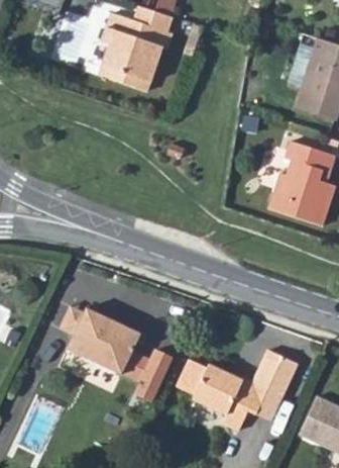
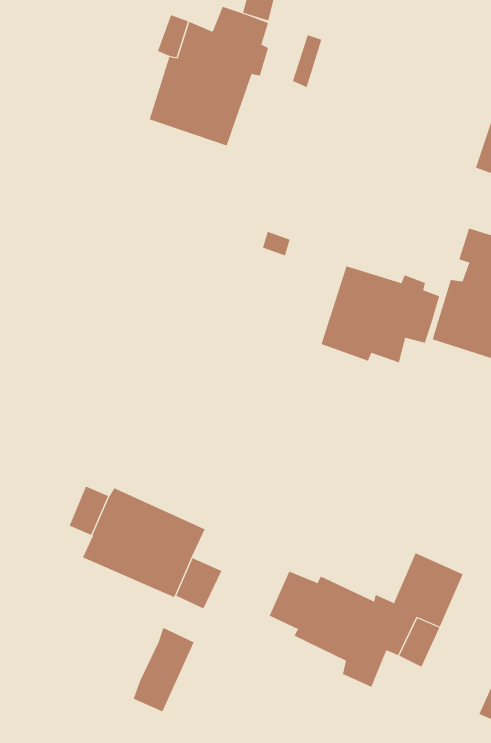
building: none -> [321,265,440,363]
building: [128,342,165,393] -> [133,627,195,712]

